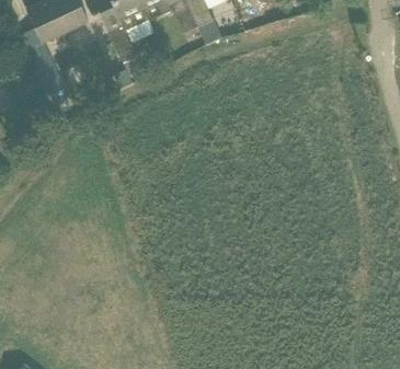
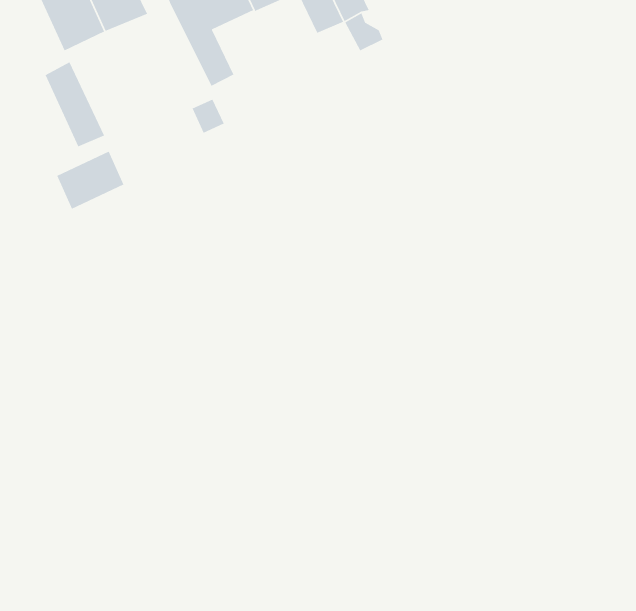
building: none -> [56,151,124,210]

